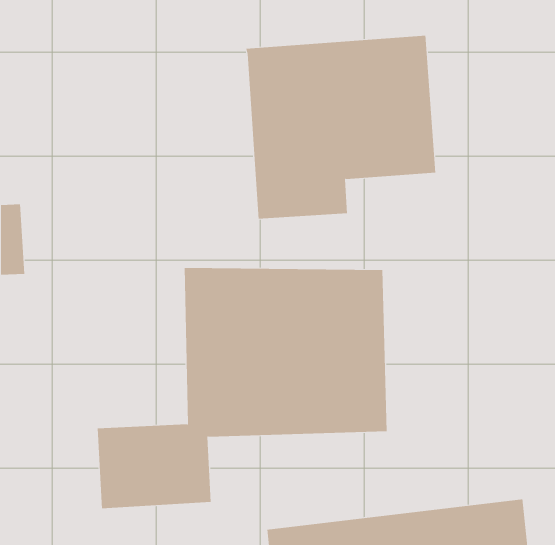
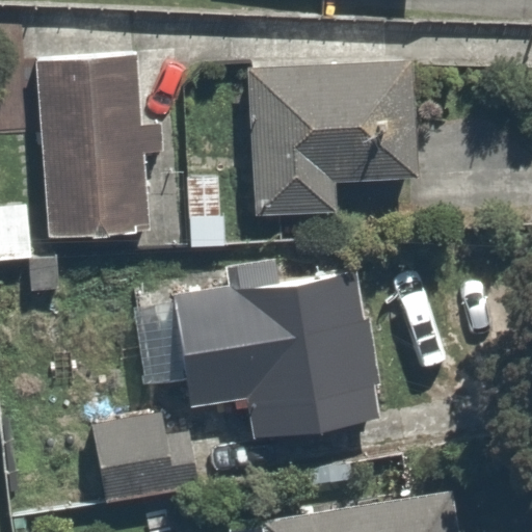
building: none -> [33,49,153,251]

